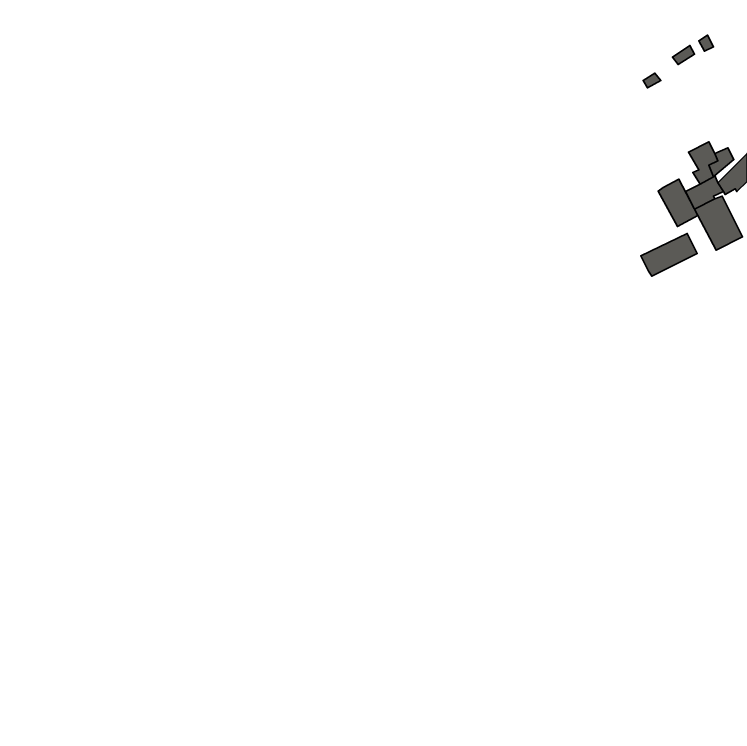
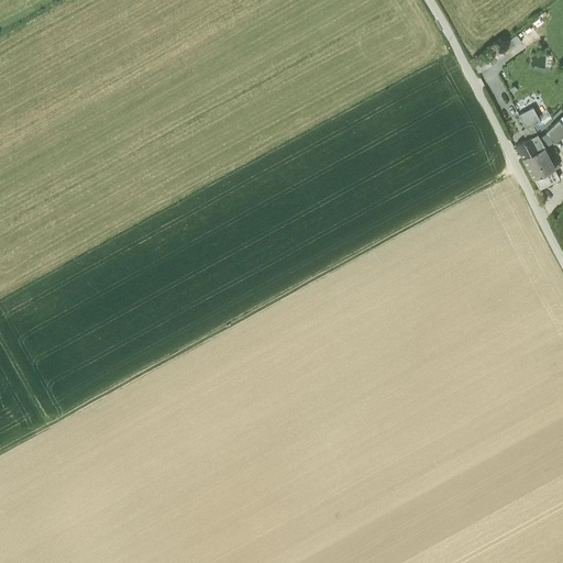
building: [658,179,698,227] -> none
building: [641,234,697,276] -> none

